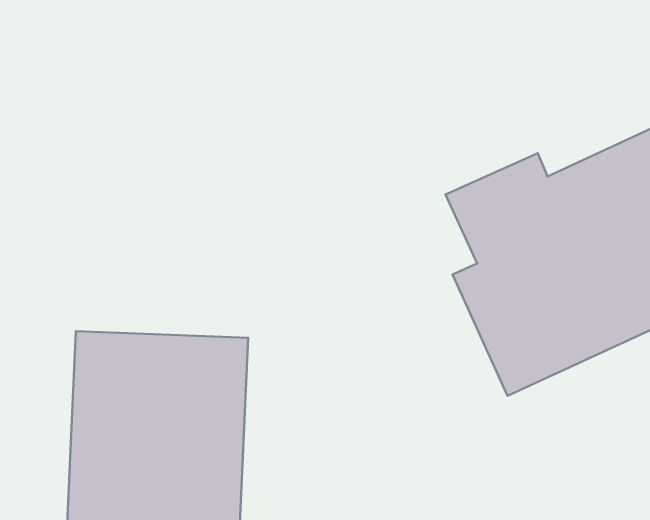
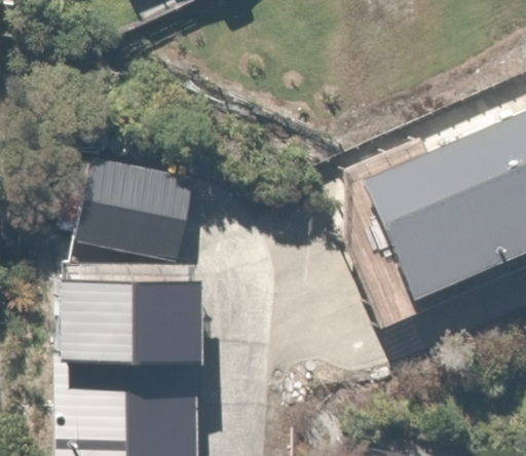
building: none -> [78,158,193,257]

